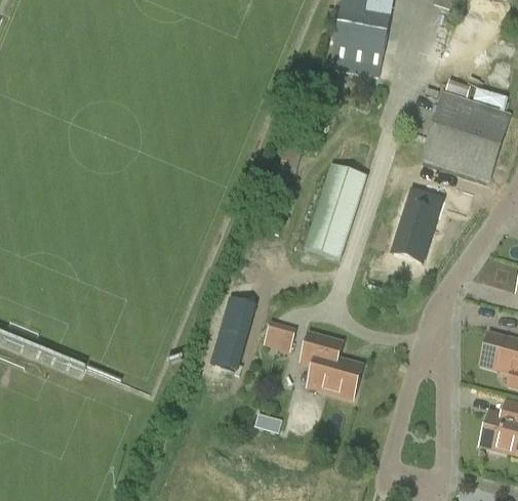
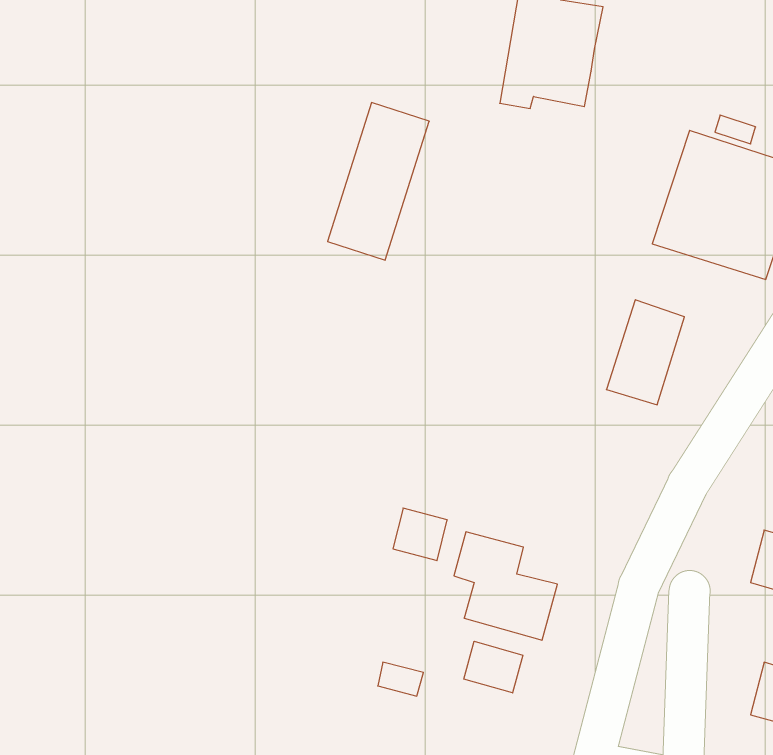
building: [305,163,366,258] -> [328,103,429,260]
building: [211,296,254,367] -> none
building: none -> [464,641,523,693]

